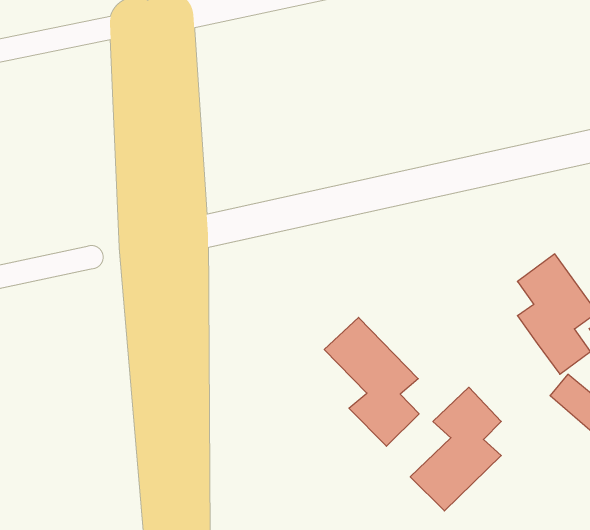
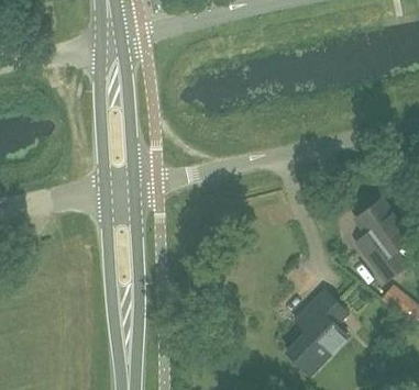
building: [324,317,419,446] -> none

